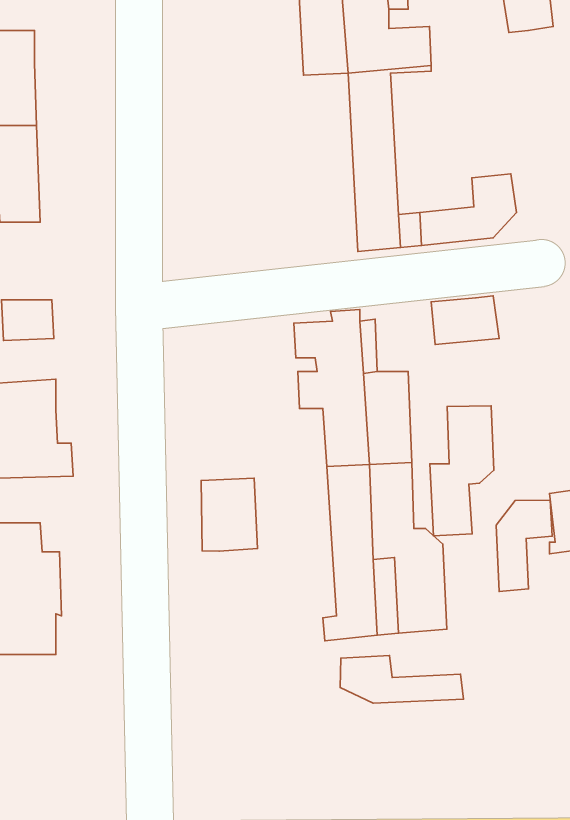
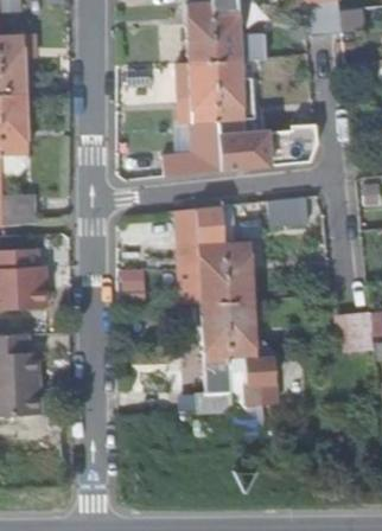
building: none -> [168,62,221,175]
building: [430,406,494,536] -> none
building: [201,478,258,551] -> none
building: [496,500,552,592] -> none
building: [340,656,464,703] -> none

